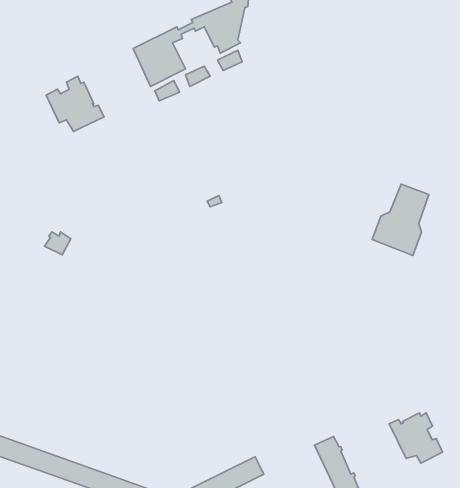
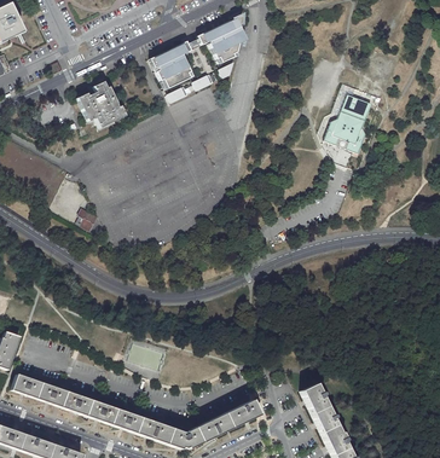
building: [372,184,429,255] -> [325,94,372,153]
building: [389,413,443,463] -> none

